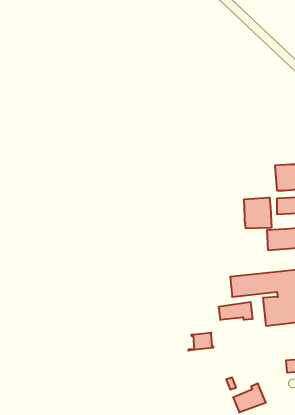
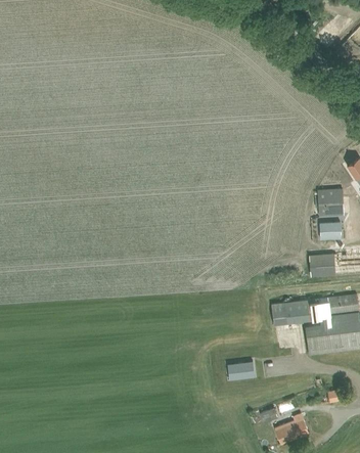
building: [244,197,271,228] -> none
building: [219,302,252,320] -> none

